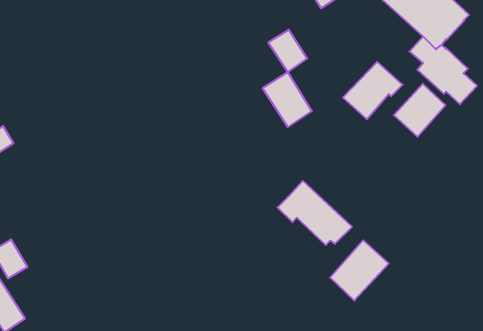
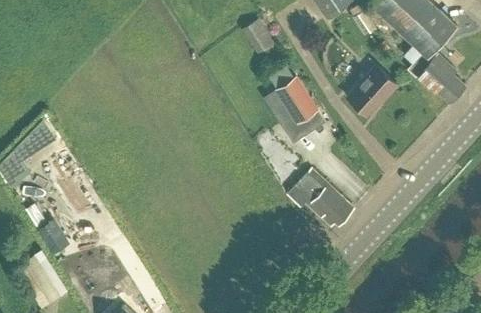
building: [268,30,307,72] -> [242,19,276,56]
building: [394,84,445,137] -> none
building: [330,240,389,301] -> none

